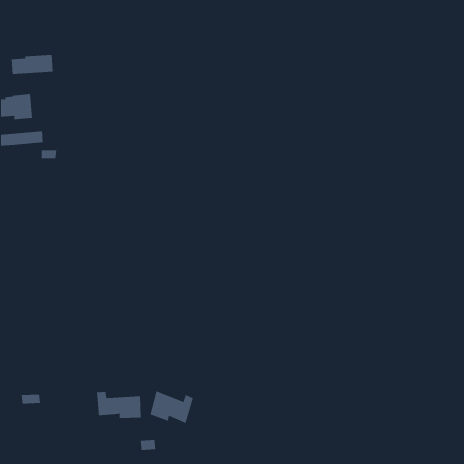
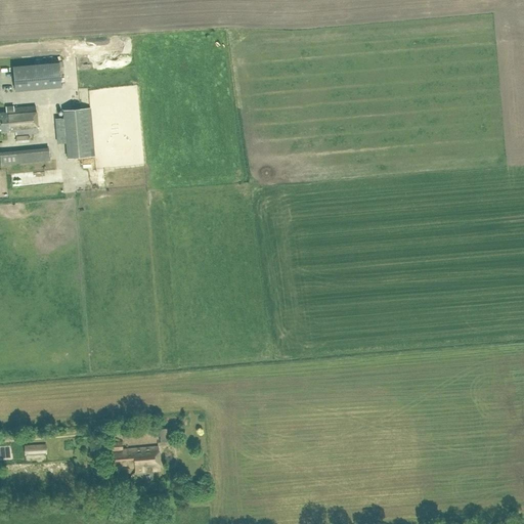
building: none -> [62,107,95,159]
building: [150,390,194,424] -> none

